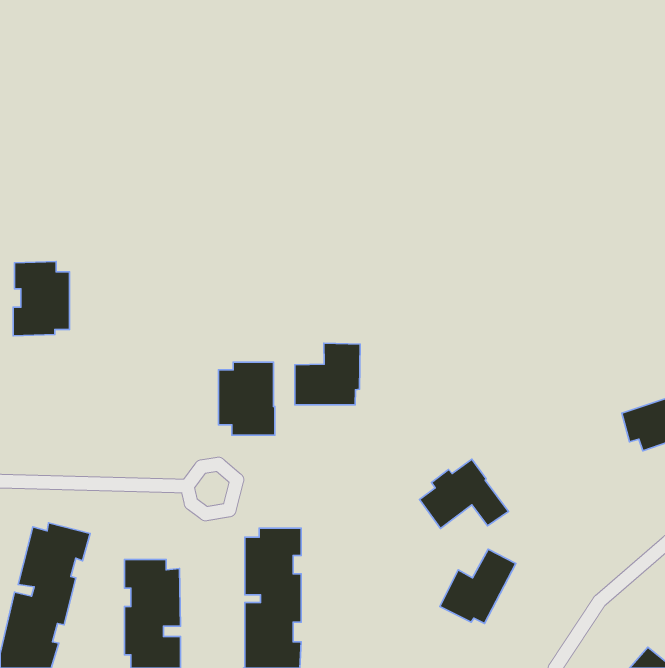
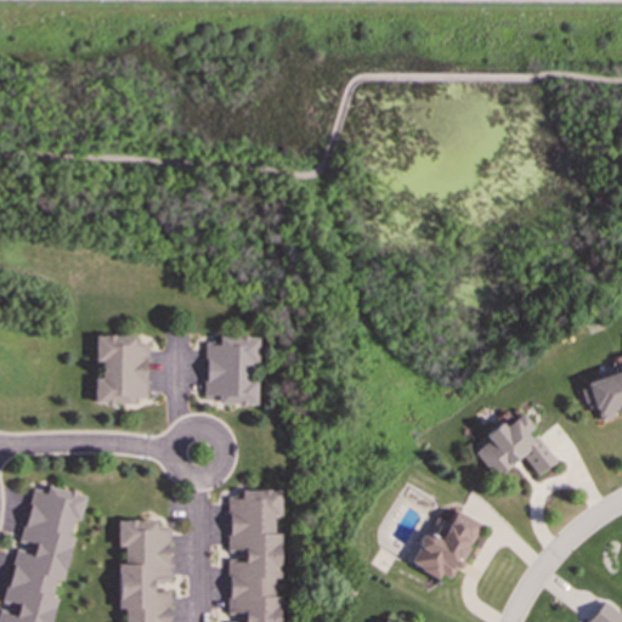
building: [13,261,69,336] -> [96,335,148,405]
building: [295,343,360,405] -> none
building: [420,459,509,528] -> [475,413,558,477]

